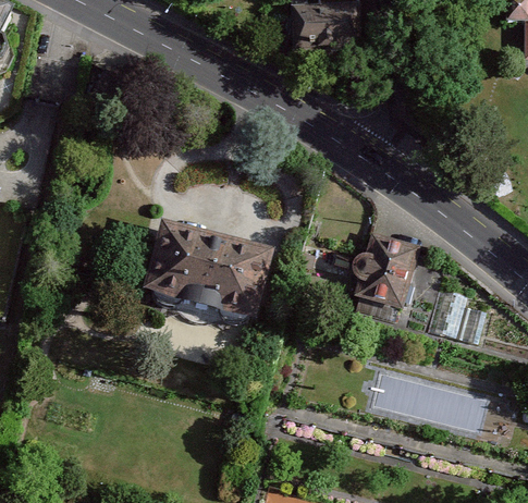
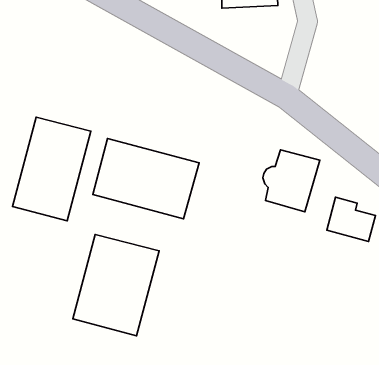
building: none -> [13,117,91,221]
building: none -> [73,235,159,336]

